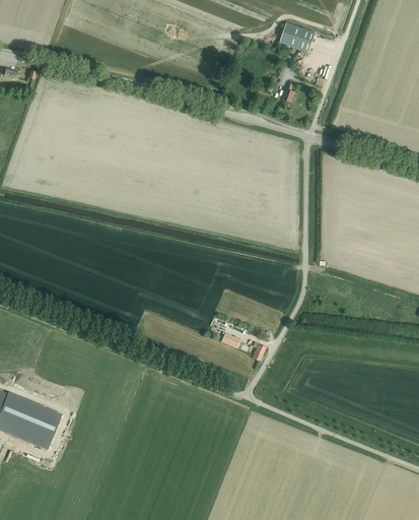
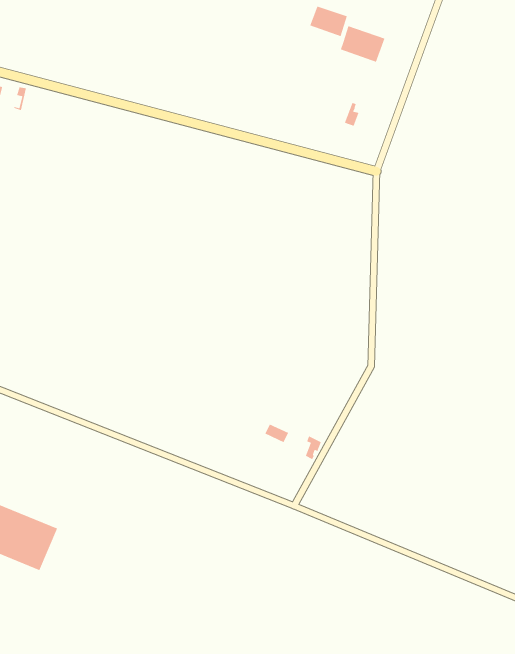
building: none -> [309,5,348,37]

